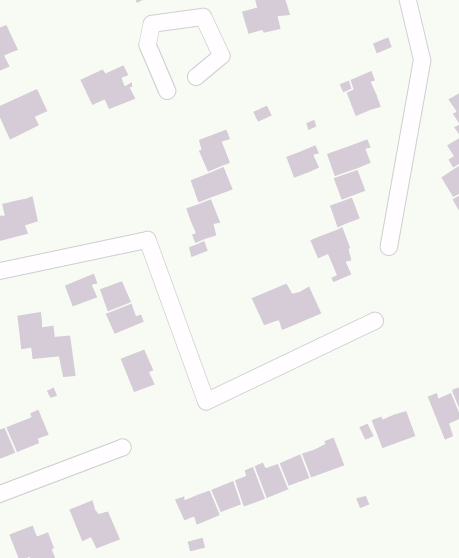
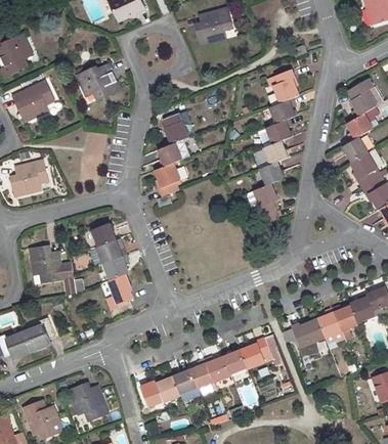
building: [285,144,320,179] -> [269,98,295,124]
building: [64,273,99,307] -> [102,254,128,279]
building: [251,283,323,331] -> none
building: none -> [317,308,344,342]

